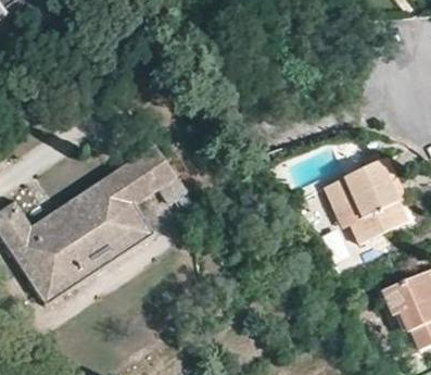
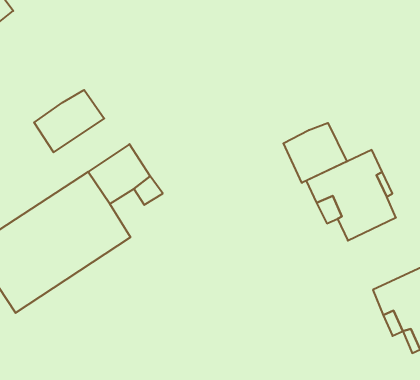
building: none -> [34,90,104,152]
building: none -> [283,123,347,183]

